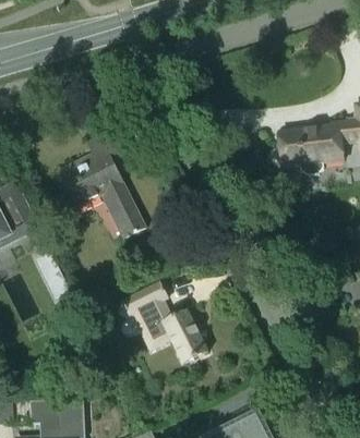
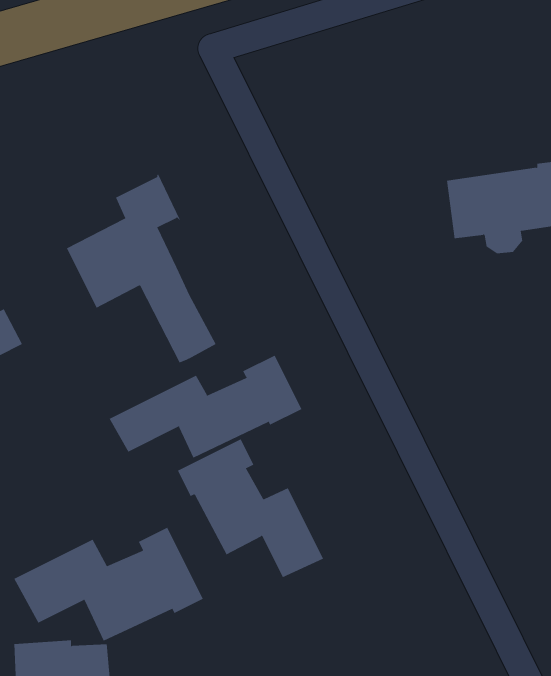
building: none -> [109,355,302,458]
building: none -> [14,527,203,642]

